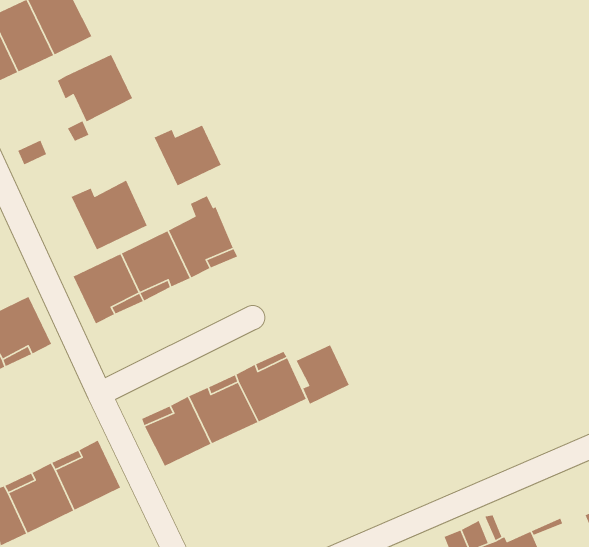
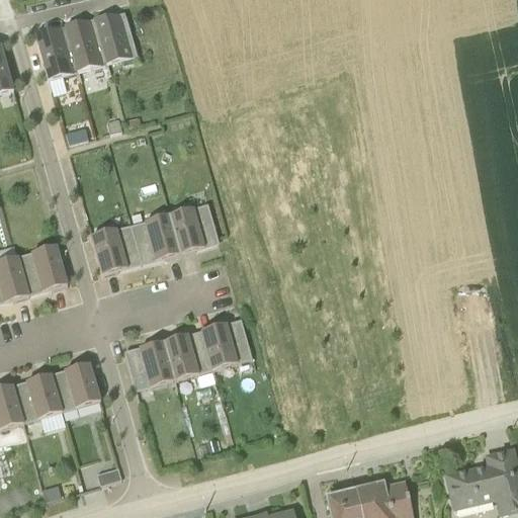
building: [57,54,133,122] -> none
building: [154,125,222,186] -> none
building: [70,180,148,251] -> none
building: [296,344,350,405] -> none

